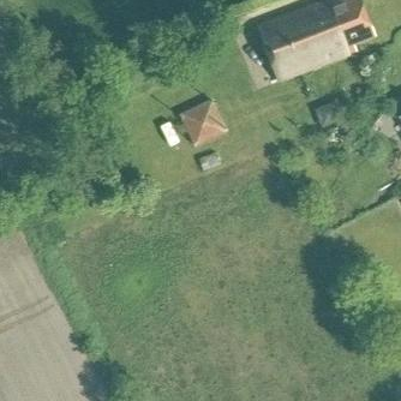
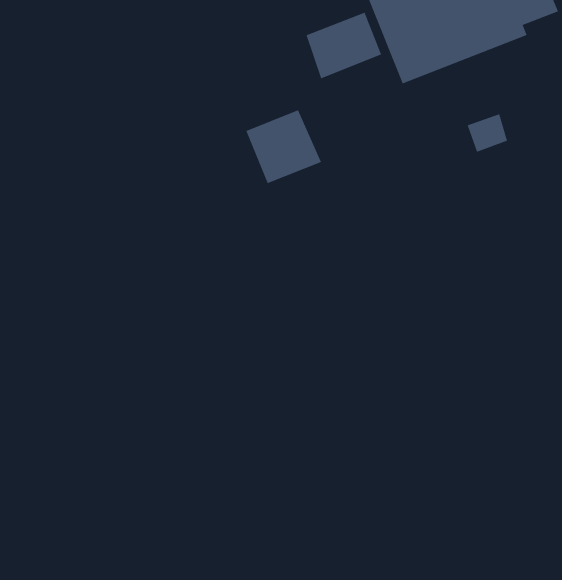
building: none -> [306,12,382,79]

